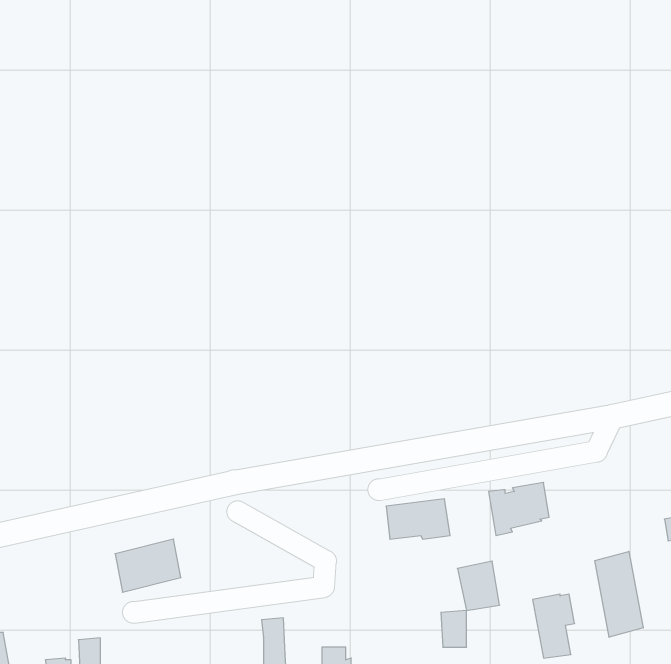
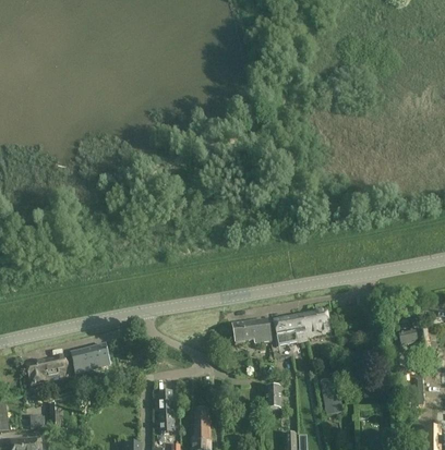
building: [595,551,643,637] -> none
building: none -> [26,354,72,384]
building: [457,561,500,611] -> [273,315,298,344]

